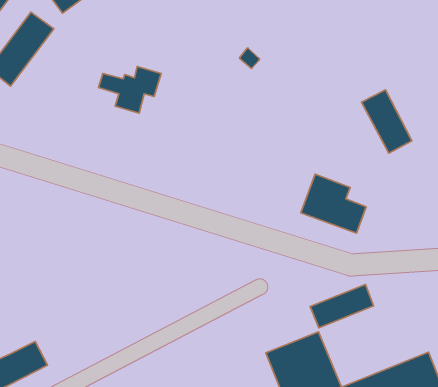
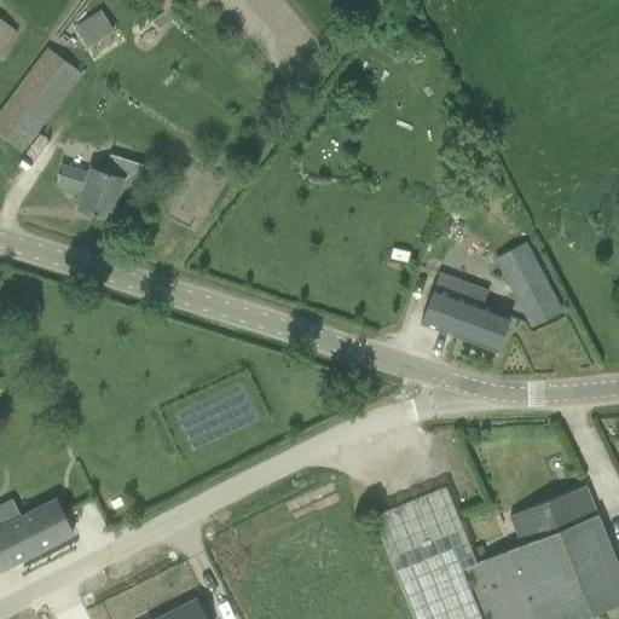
building: [99,66,161,113] -> [56,155,141,219]
building: [362,90,412,153] -> [493,242,562,329]
building: [310,285,373,328] -> [509,486,596,545]

